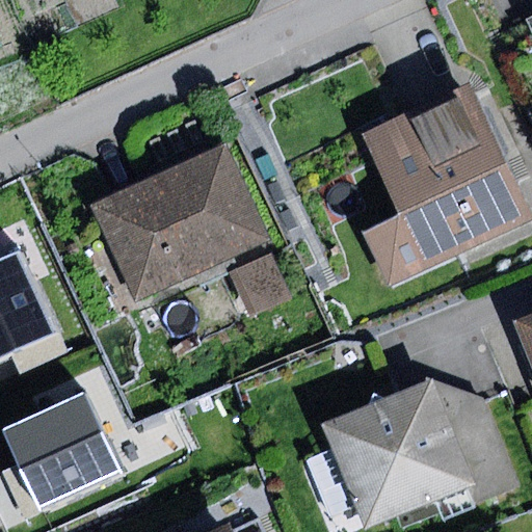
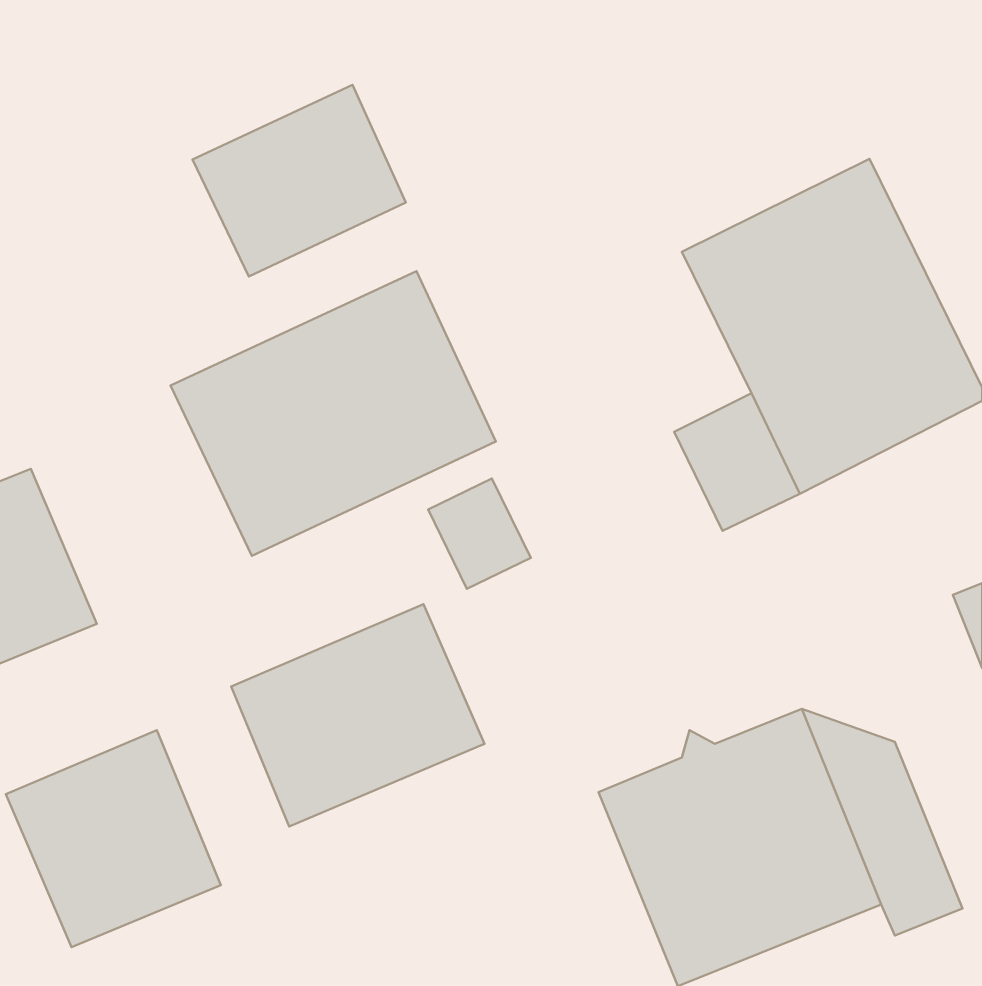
building: none -> [192,85,406,277]
building: none -> [231,604,484,826]

